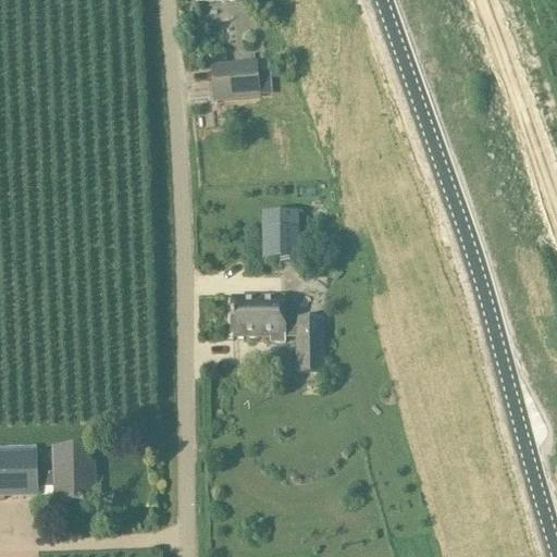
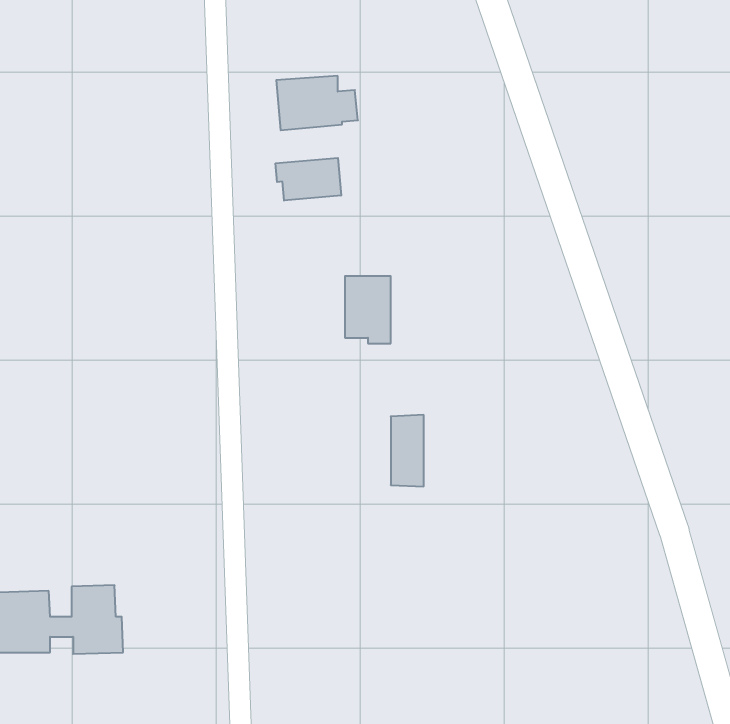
building: none -> [276,158,341,201]
building: [232,294,285,334] -> none

